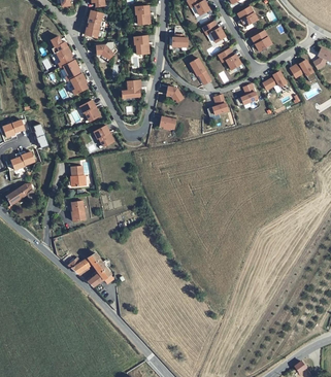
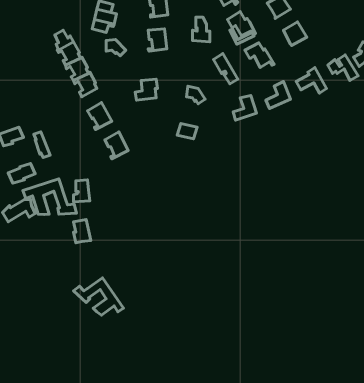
building: none -> [23,179,77,215]

